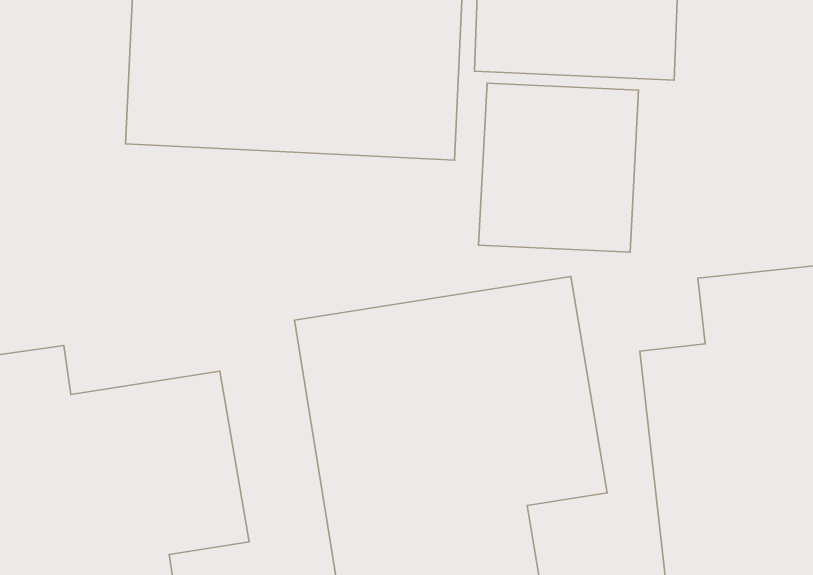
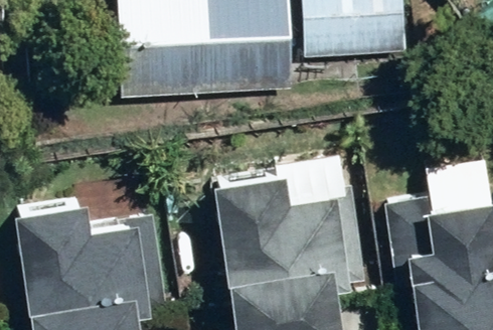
building: [479,83,638,252] -> none

